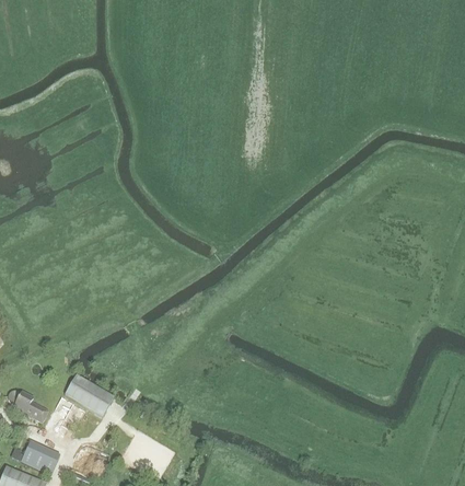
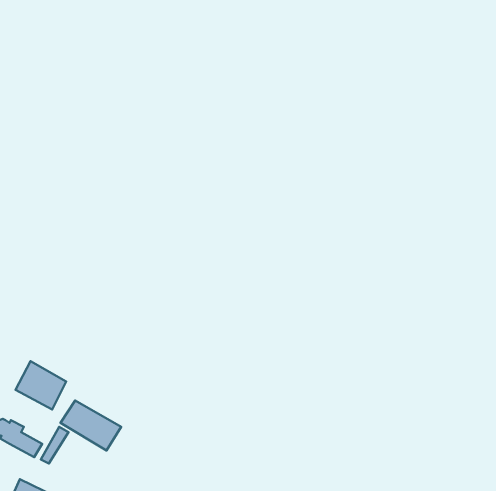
building: none -> [15,361,66,409]

